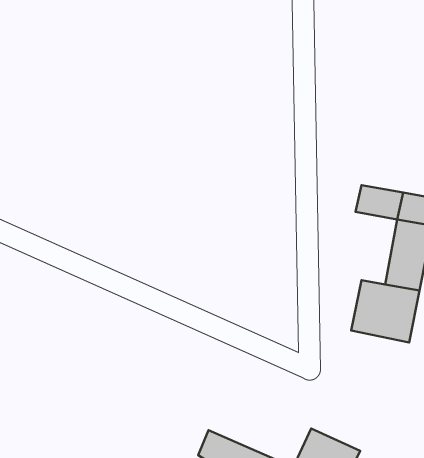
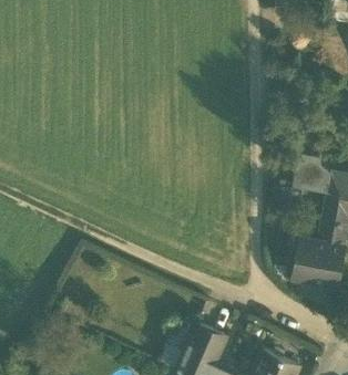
building: none -> [186,323,225,362]

